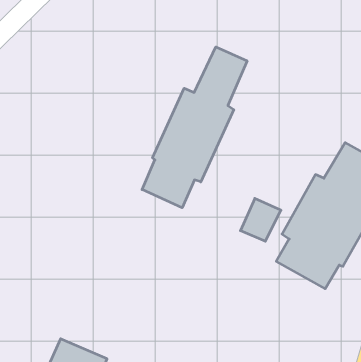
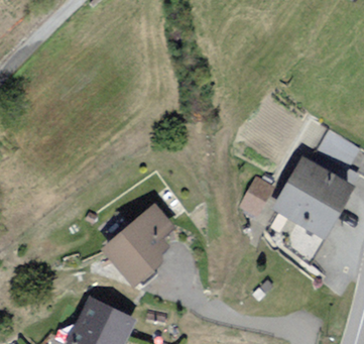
building: [142,47,247,208] -> none
building: none -> [105,204,175,279]

